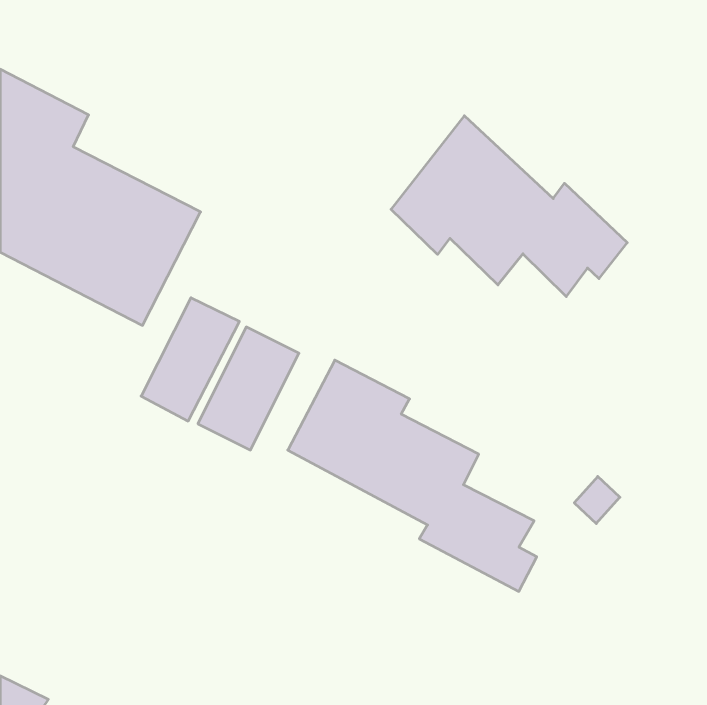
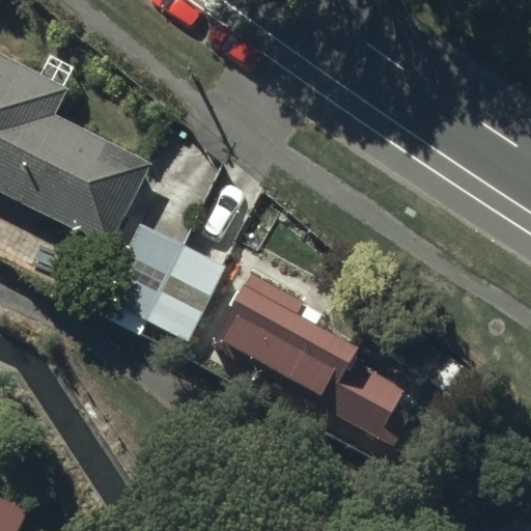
building: [391,116,627,297] -> none

